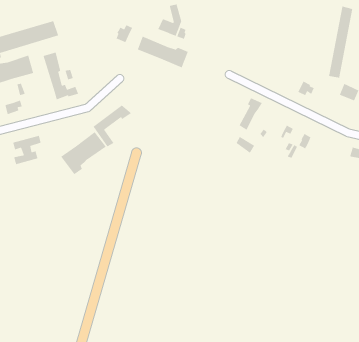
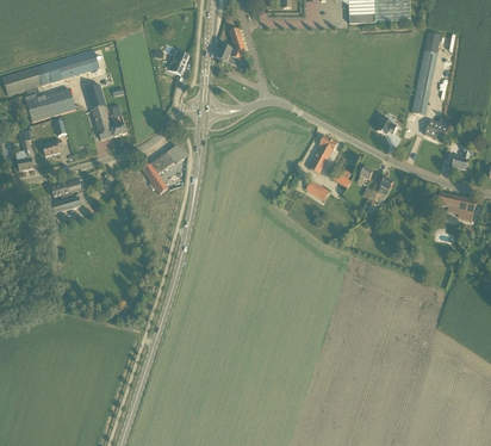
building: [137,35,189,68] -> none
building: [60,131,107,175] -> none

